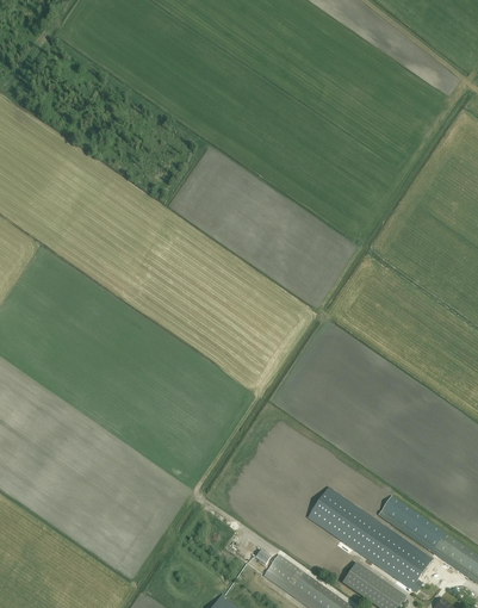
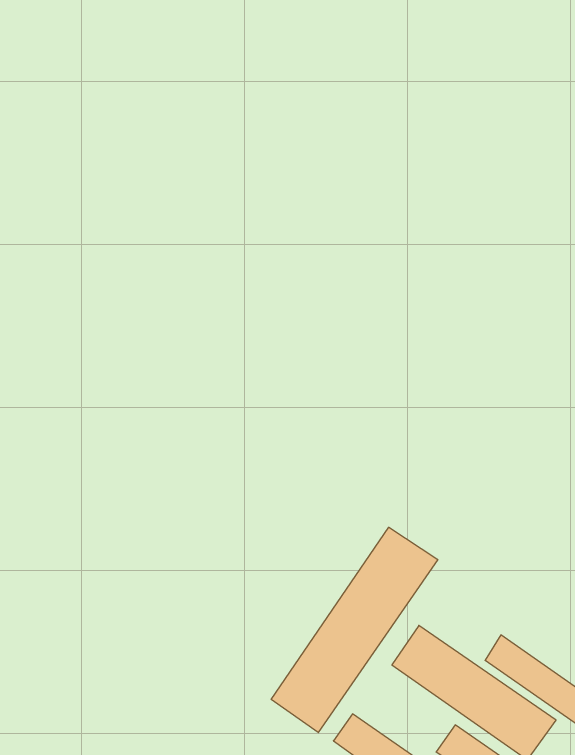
building: none -> [271,527,438,733]

